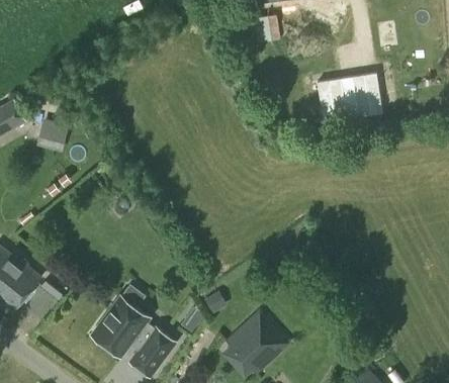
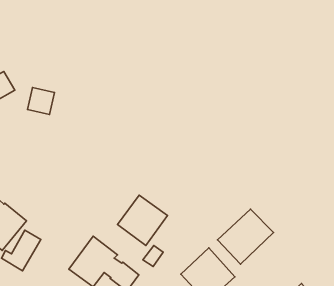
building: [320,76,385,119] -> none
building: none -> [118,195,167,246]
building: none -> [218,209,273,264]

